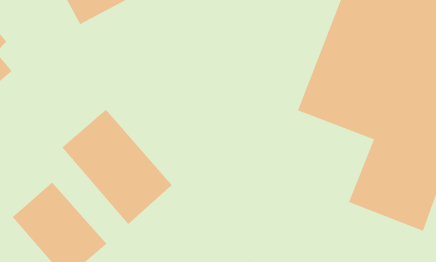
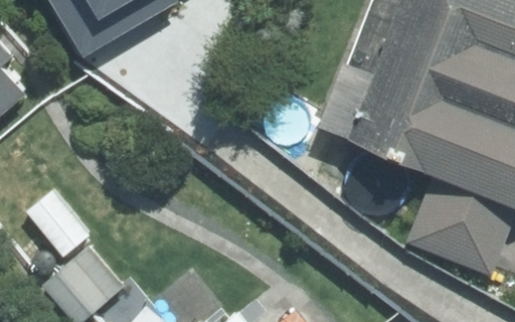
building: [62,109,172,225] -> none

